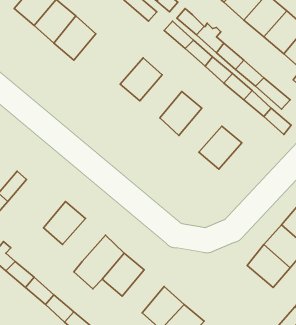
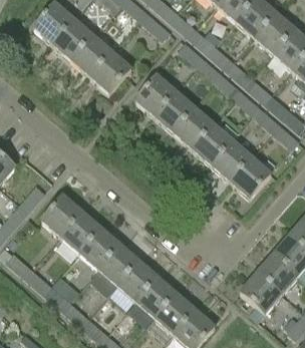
building: none -> [90,52,130,93]
building: none -> [154,91,194,132]
building: none -> [191,123,232,165]
building: none -> [229,156,270,198]
building: none -> [42,197,82,238]
building: none -> [79,229,120,270]
building: none -> [240,274,281,314]
building: none -> [136,278,177,319]

